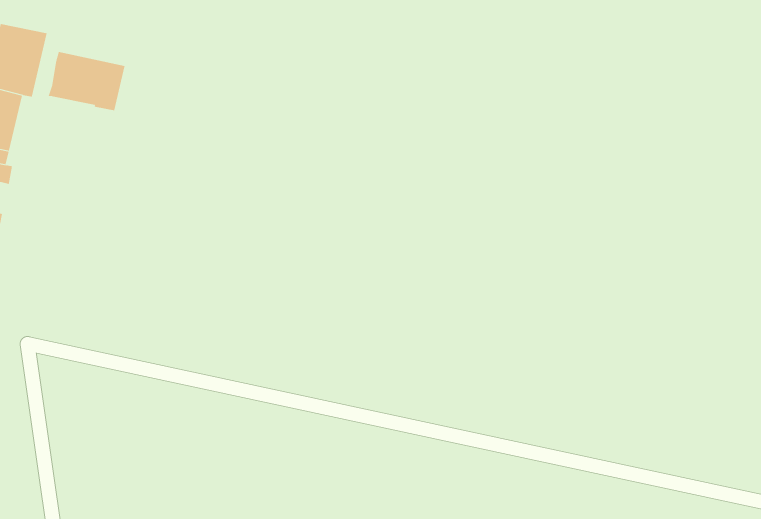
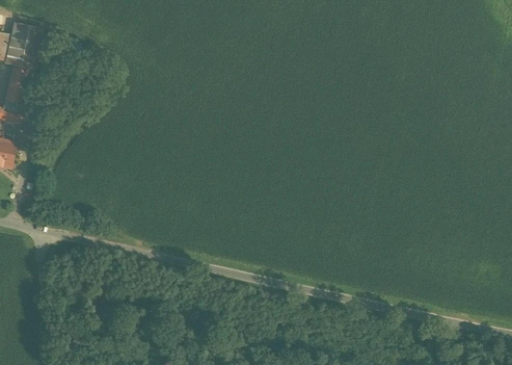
building: [48,51,125,111] -> none

